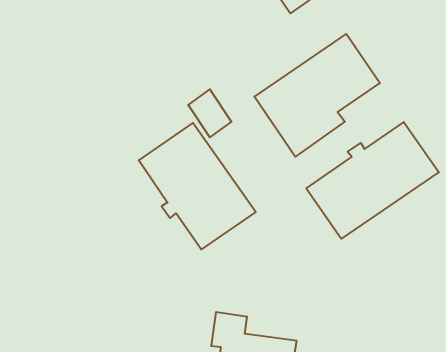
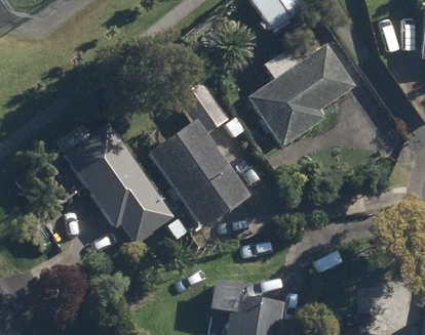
building: [306,122,439,239] -> none
building: none -> [64,123,171,244]

